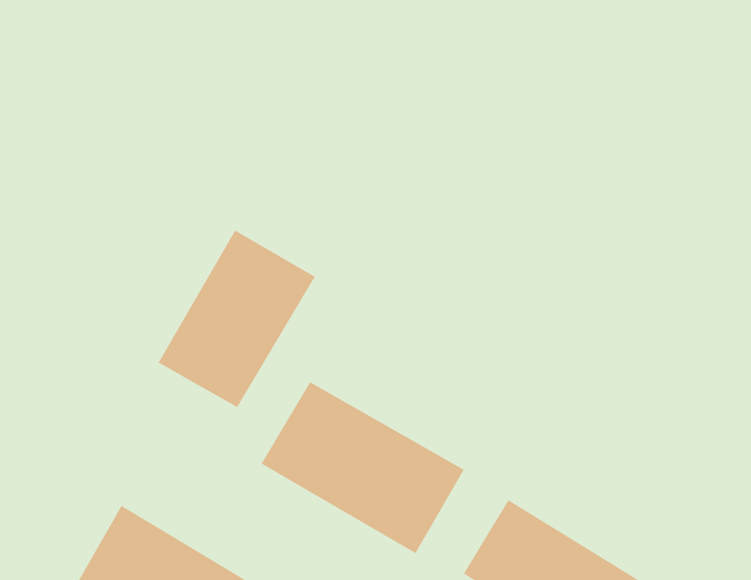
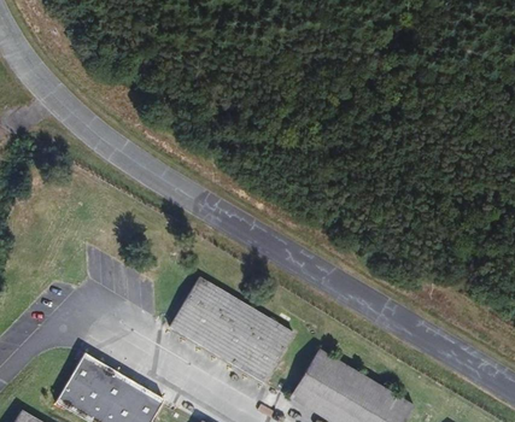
building: [158,229,316,408] -> none

